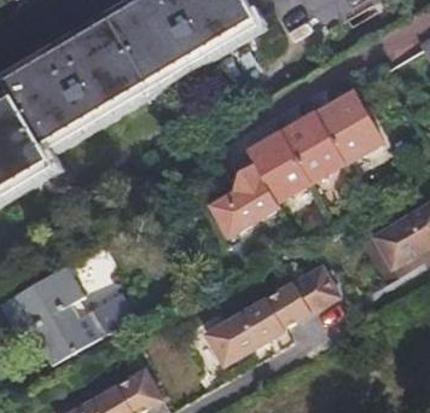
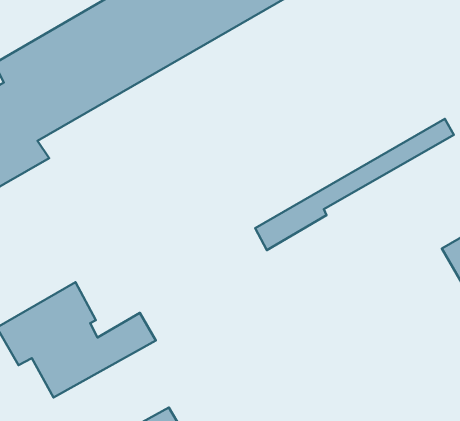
building: [209,93,373,220] -> none
building: [207,266,339,365] -> none

